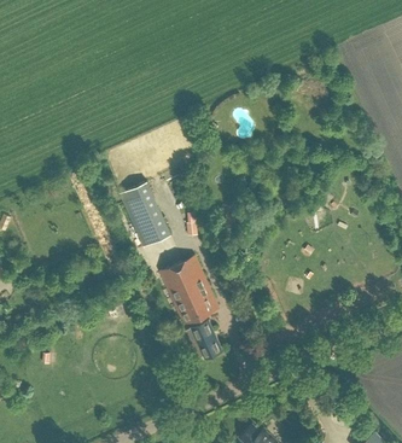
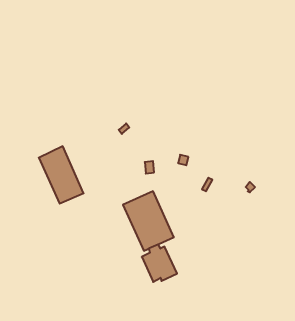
building: [121,181,173,247] -> [39,146,84,204]

